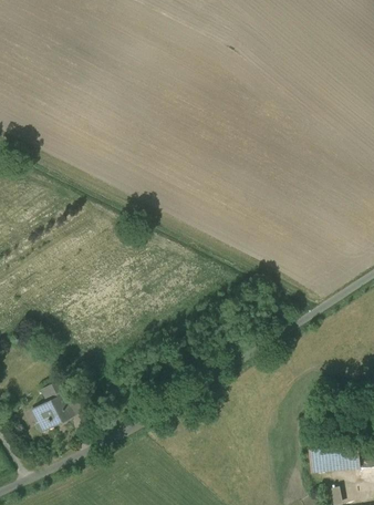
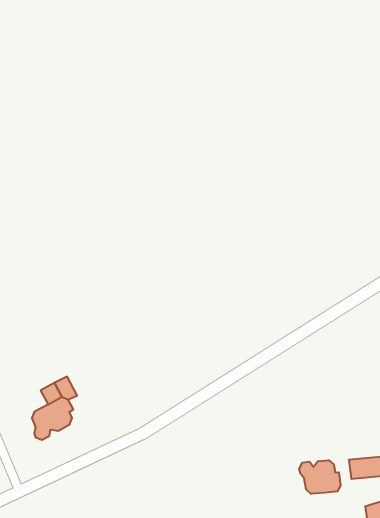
building: none -> [299,460,341,494]

